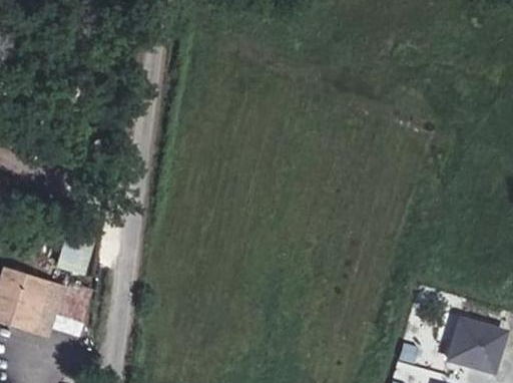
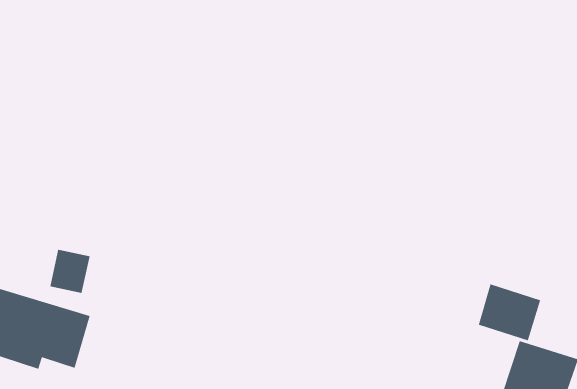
building: none -> [478,283,541,341]

